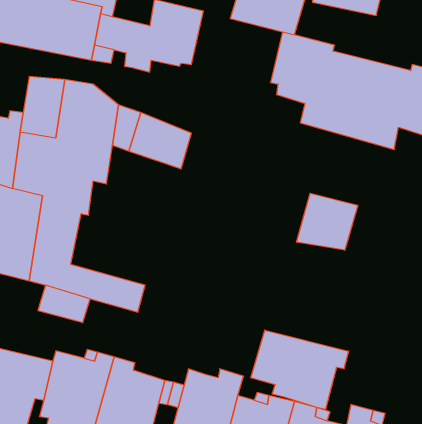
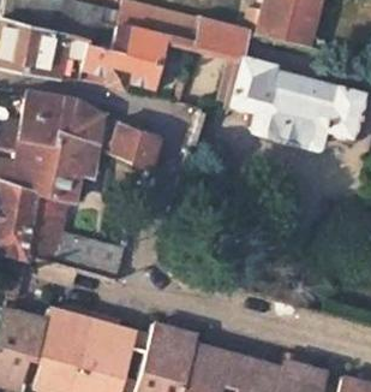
building: [296,193,358,250] -> none
building: [251,330,349,410] -> none

